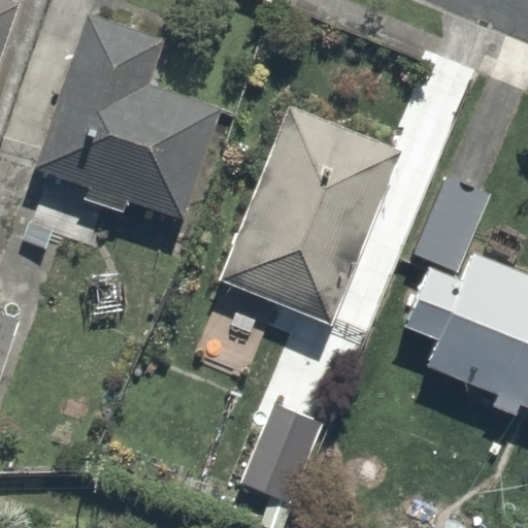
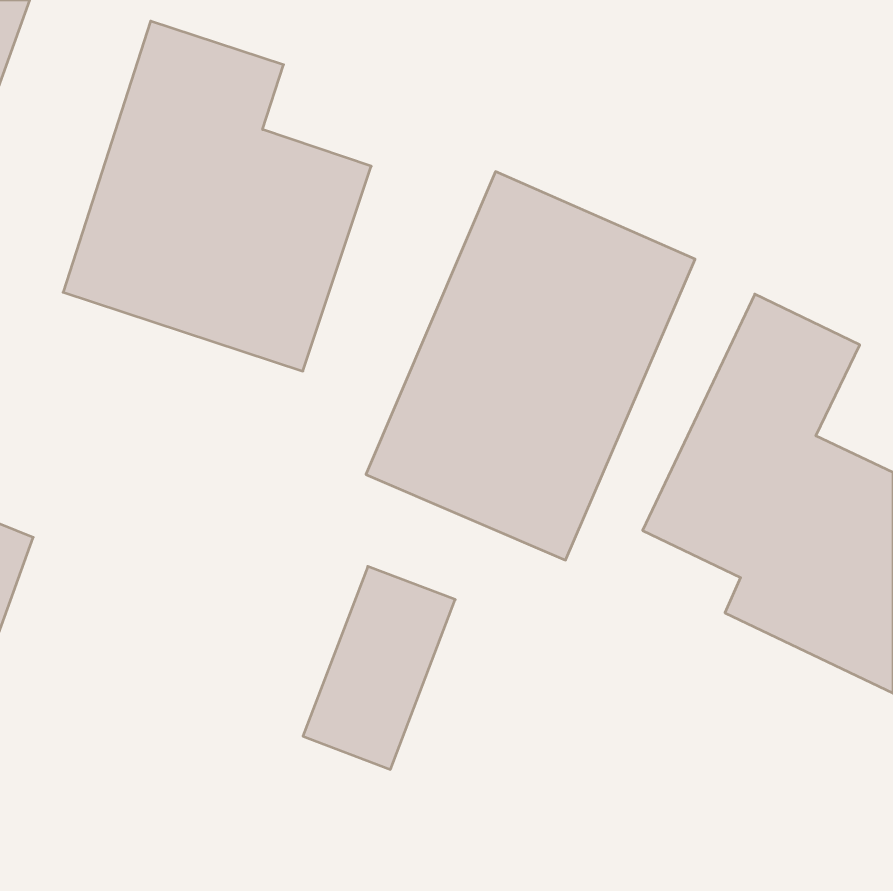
building: [238,393,328,513] -> [303,566,455,769]

